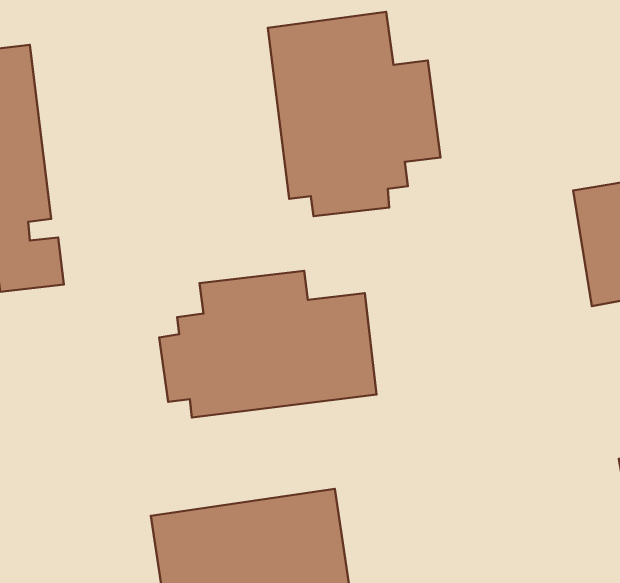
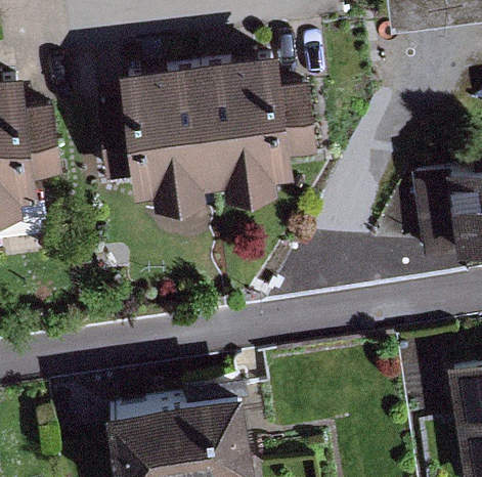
building: none -> [98,64,210,212]
building: [159,271,377,418] -> none

